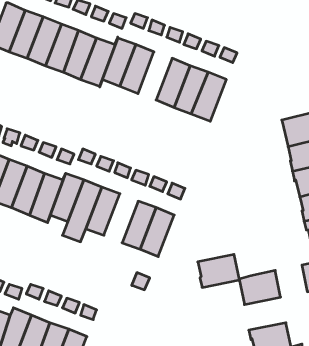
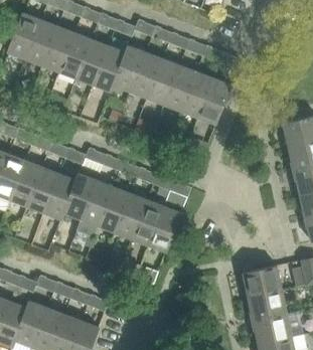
building: none -> [147,58,179,104]
building: none -> [115,192,147,238]
building: [198,254,239,287] -> [248,290,287,321]

